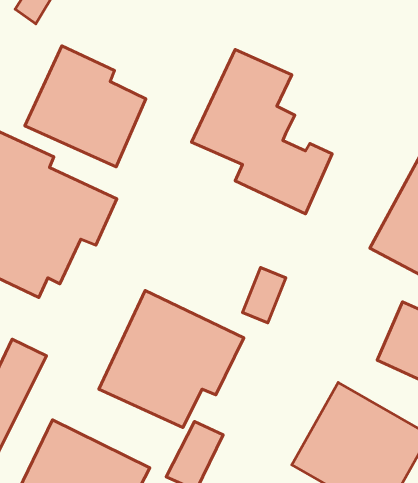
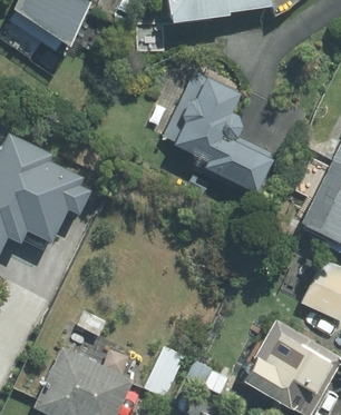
building: [25,46,146,167] -> none
building: [99,290,244,428] -> none

